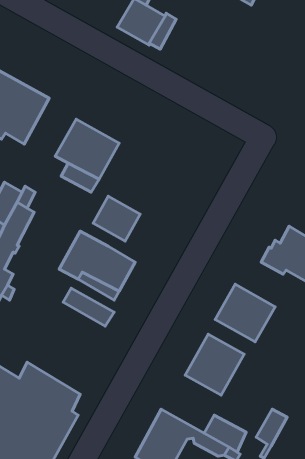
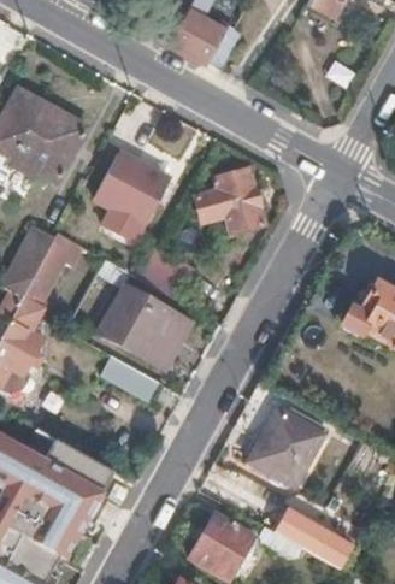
building: none -> [194,166,265,235]
building: [215,284,275,342] -> none

